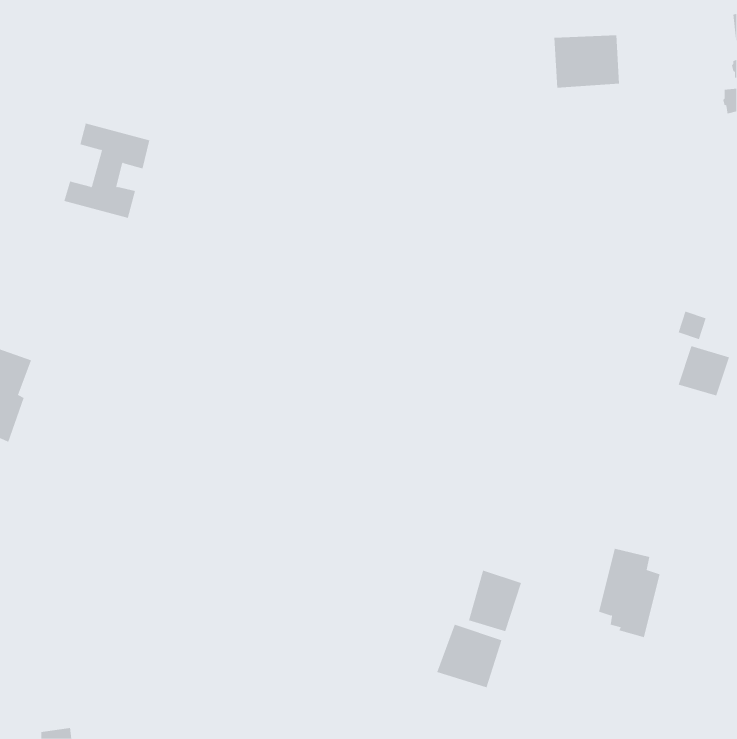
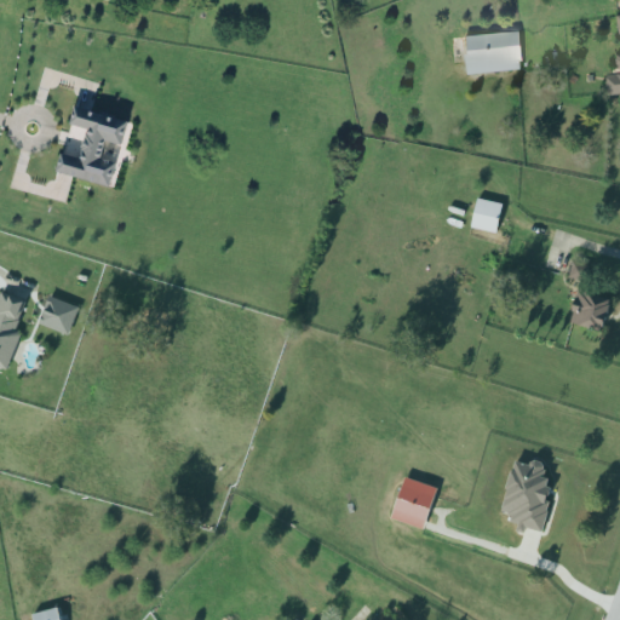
building: none -> [471,199,503,234]
building: none -> [39,297,80,335]
building: [436,624,502,688] -> none

